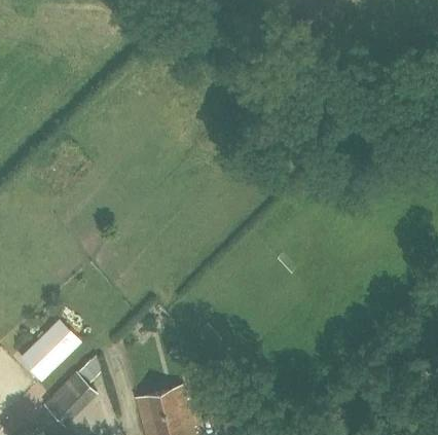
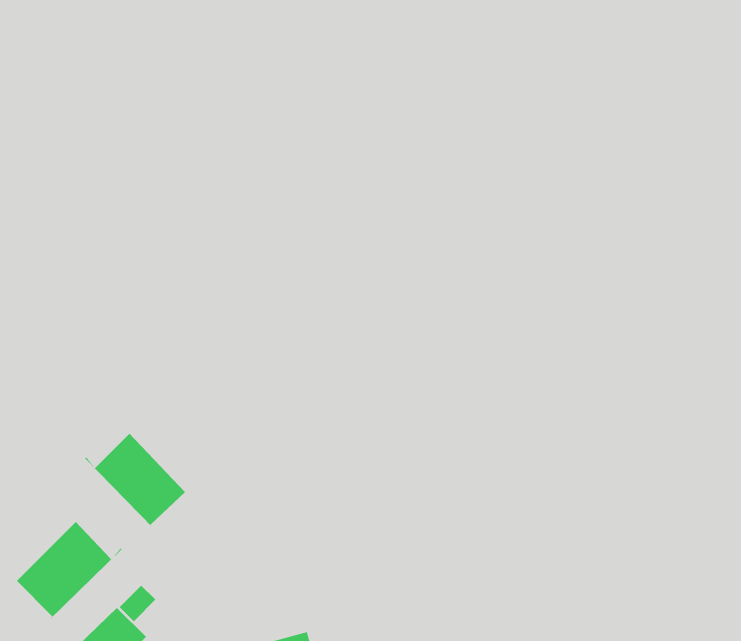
building: none -> [84,433,186,529]

